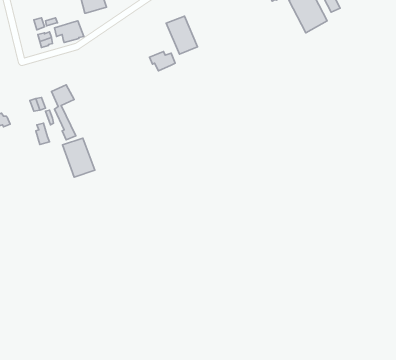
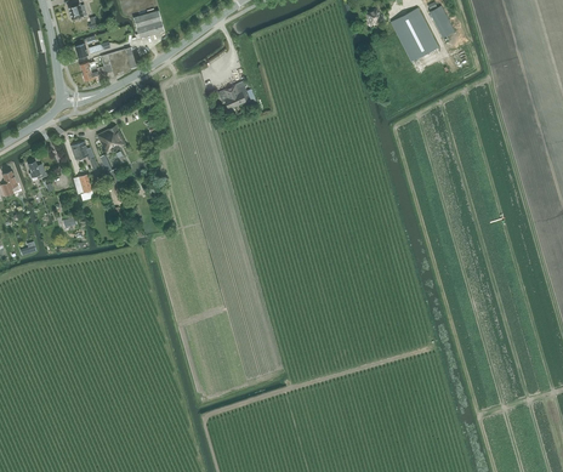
building: [166,16,198,54] -> none
building: [63,138,95,177] -> none

